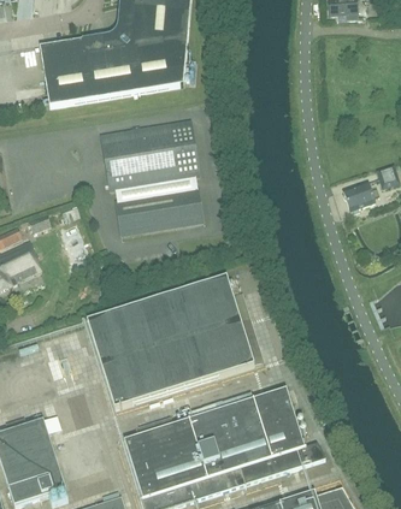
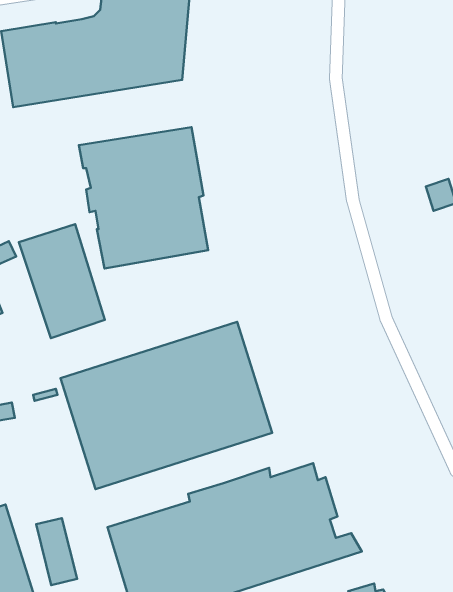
building: [342,180,373,211] -> none
building: none -> [19,224,105,338]

